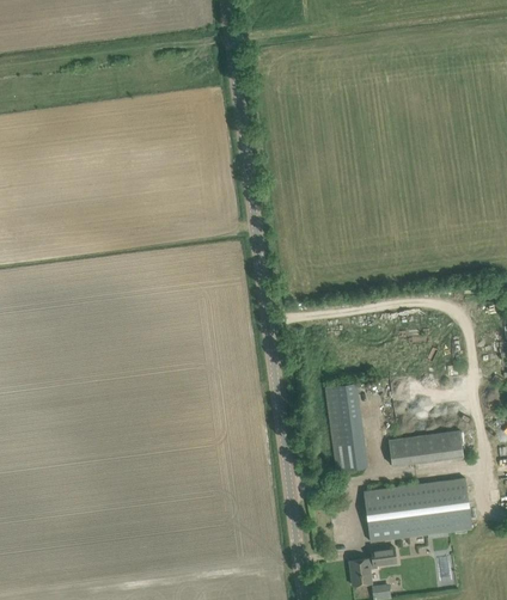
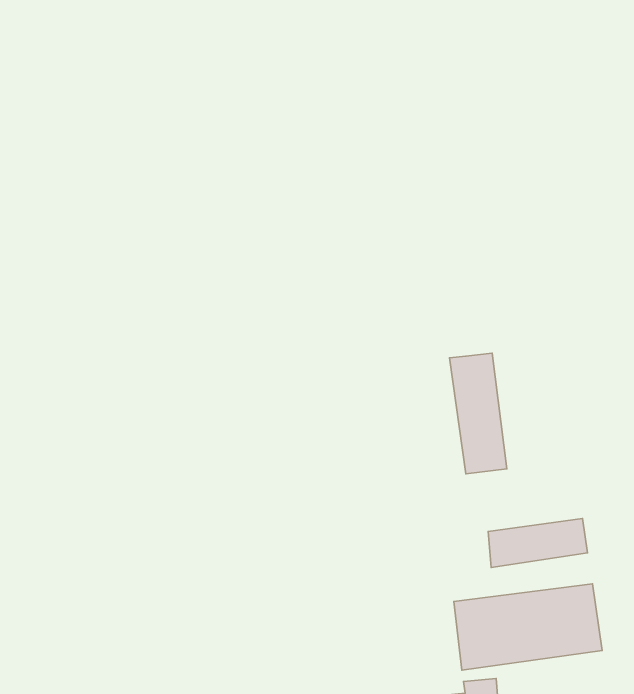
building: [325,382,367,471] -> [450,353,507,474]

